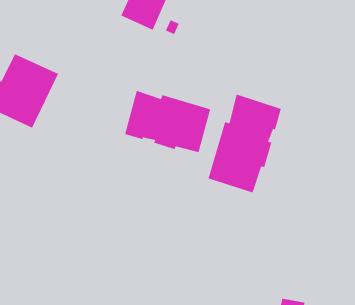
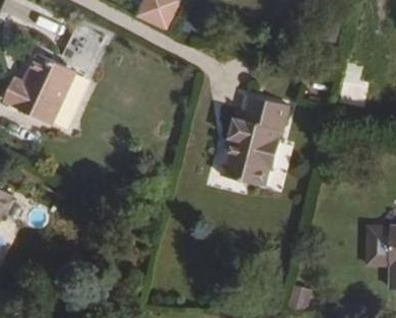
building: [124,90,211,153] -> none

